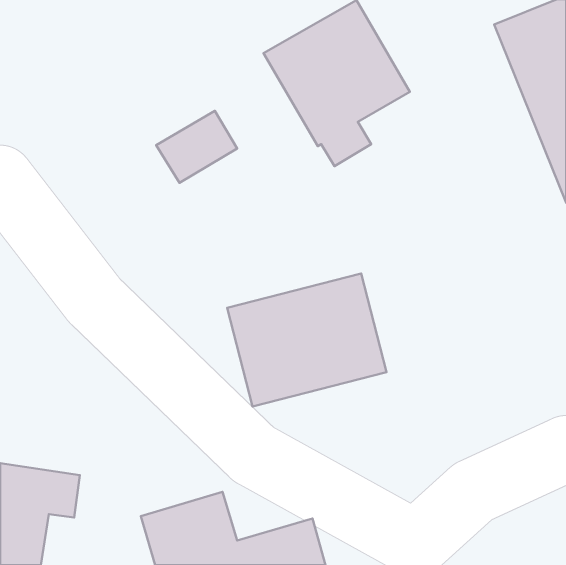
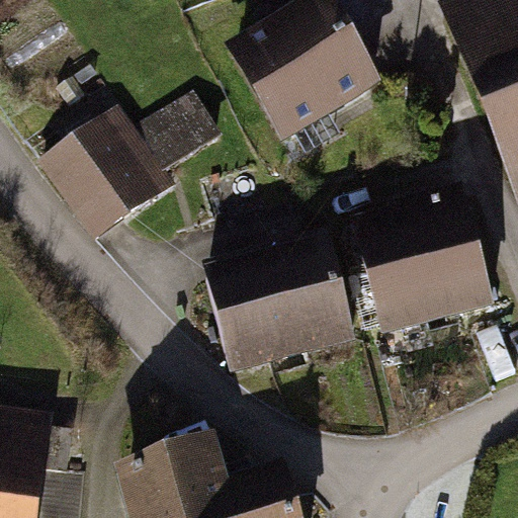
building: none -> [46,121,158,238]
building: none -> [359,196,492,332]

